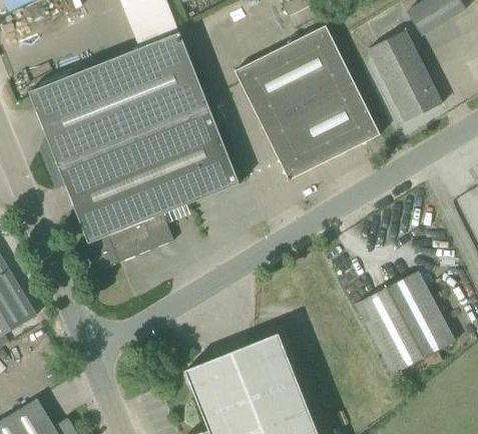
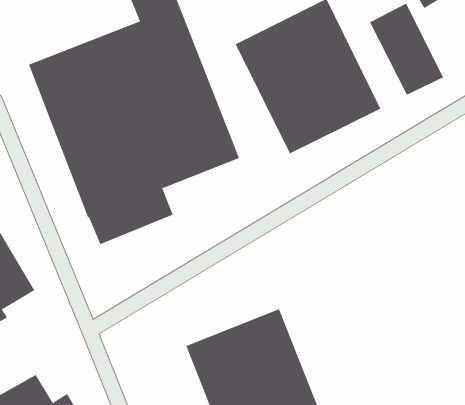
building: [357,271,453,381] -> none

